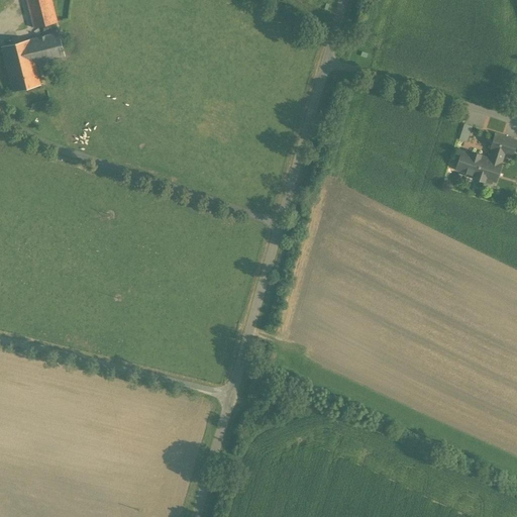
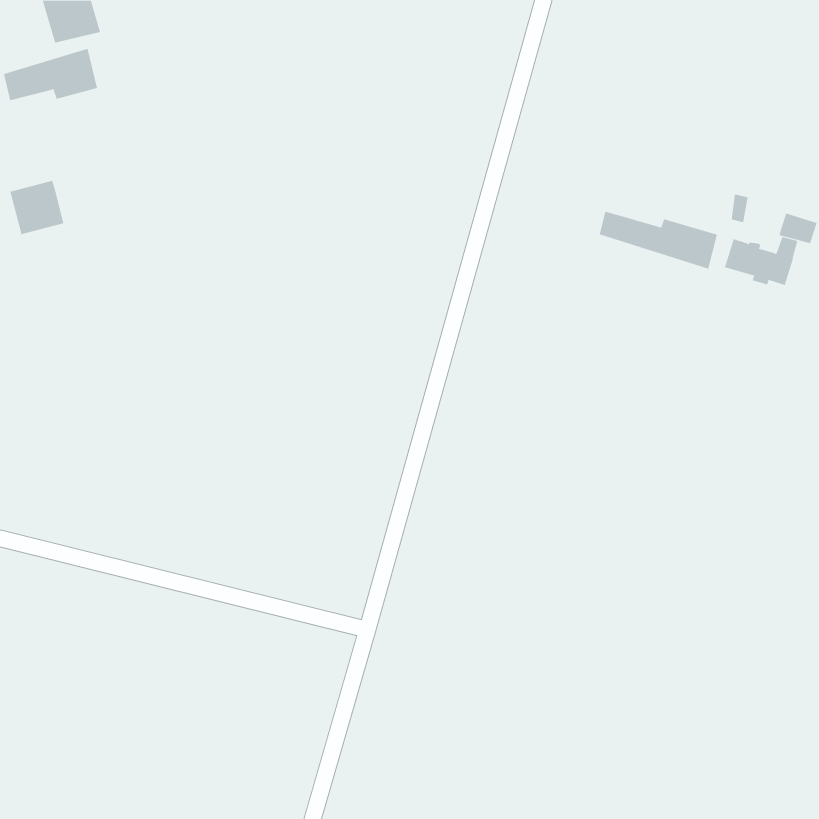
building: [6,57,40,91] -> [10,180,64,235]
building: none -> [599,211,718,270]

